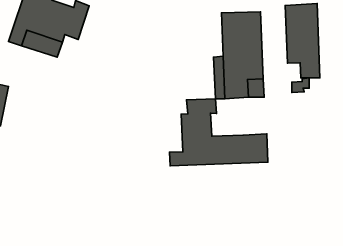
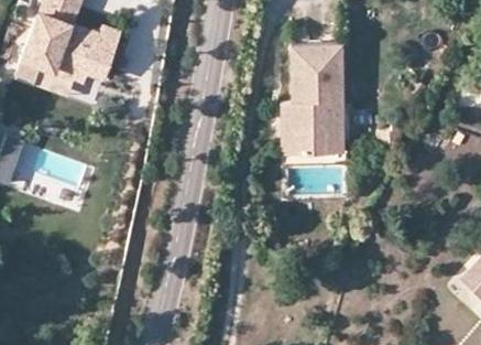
building: [285,4,320,78] -> none
building: [170,99,268,166] -> none

